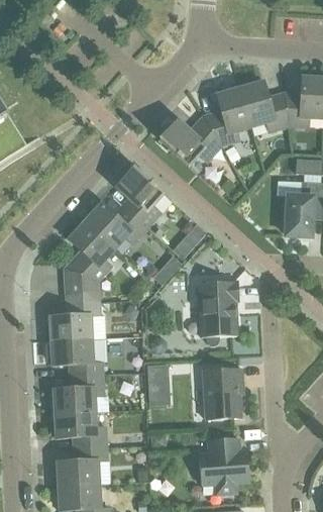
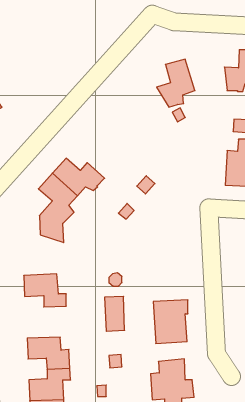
building: [238,81,287,129] -> none
building: [158,120,219,166] -> none
building: [116,167,161,226] -> none
building: [197,281,237,345] -> none
building: [49,292,97,339] -> none
building: [53,375,102,412] -> none

